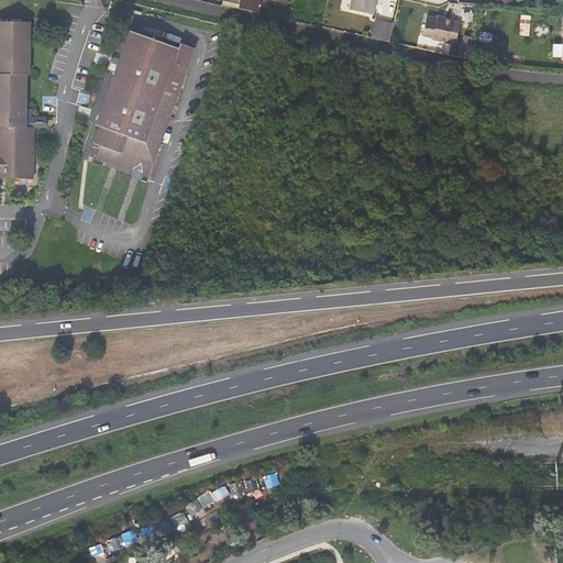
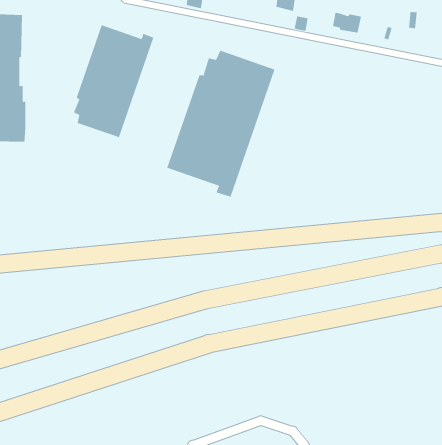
building: none -> [167,50,275,197]

